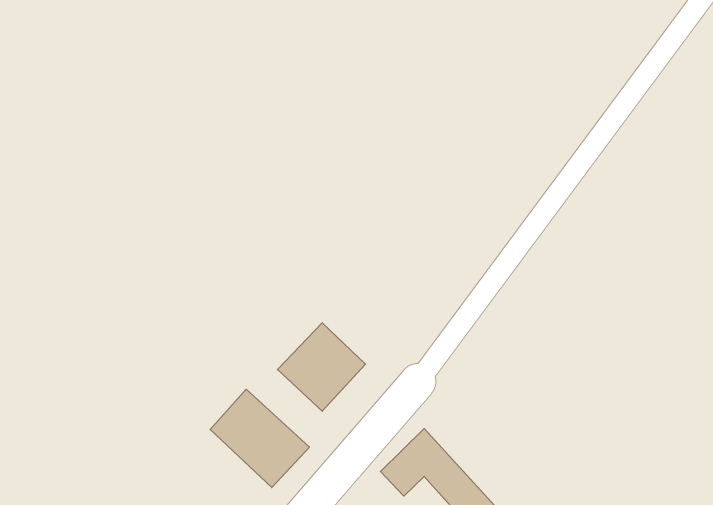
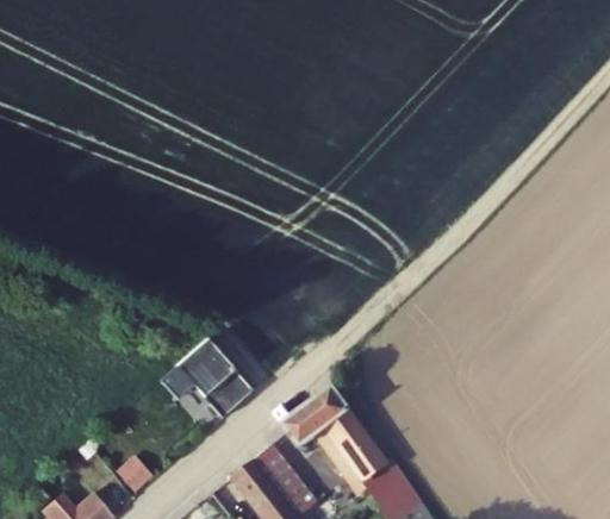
building: [277,323,366,411] -> none

